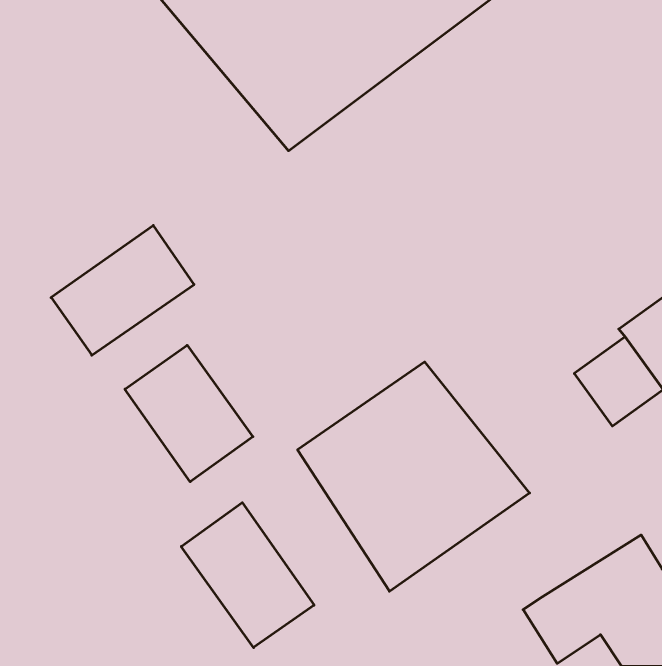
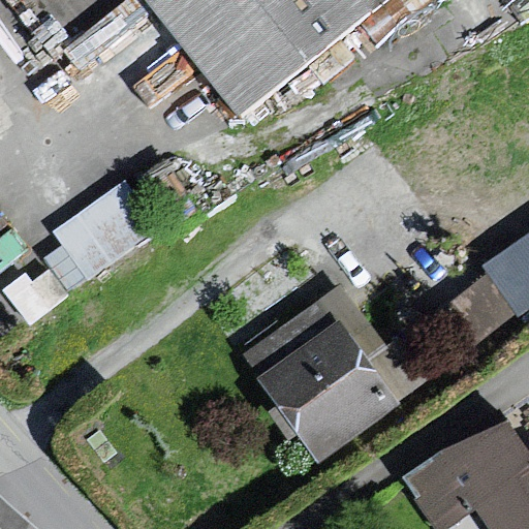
building: [125,345,253,482] -> none
building: [181,503,314,648] -> none

